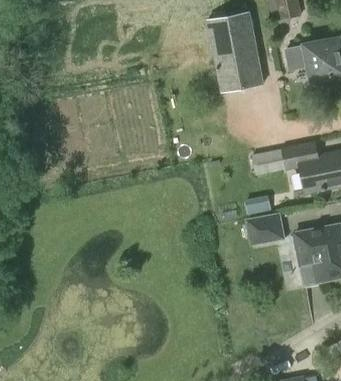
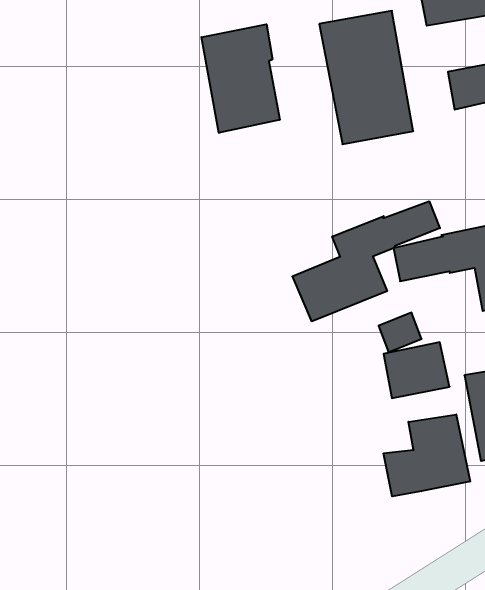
building: none -> [201,24,280,133]
building: none -> [292,201,440,321]
building: none -> [384,414,470,496]

